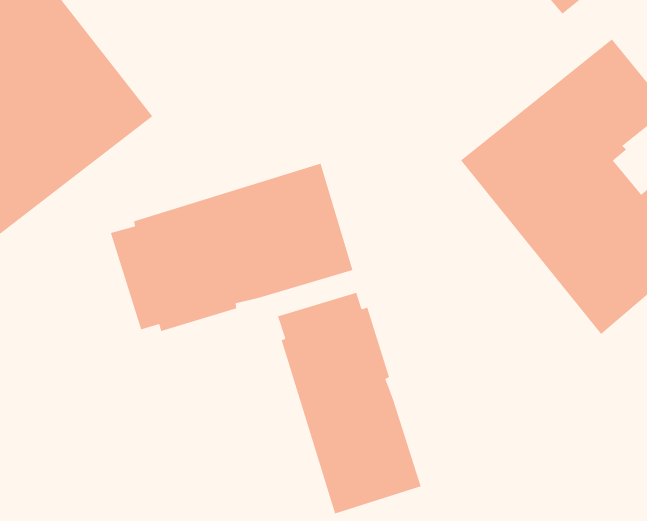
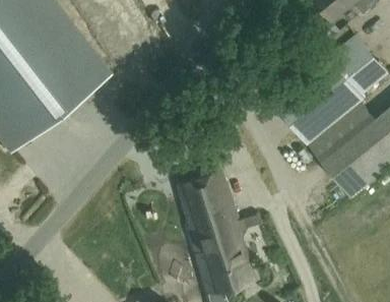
building: [110,163,353,332] -> none

